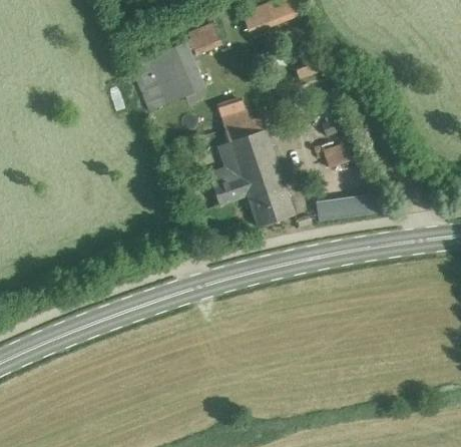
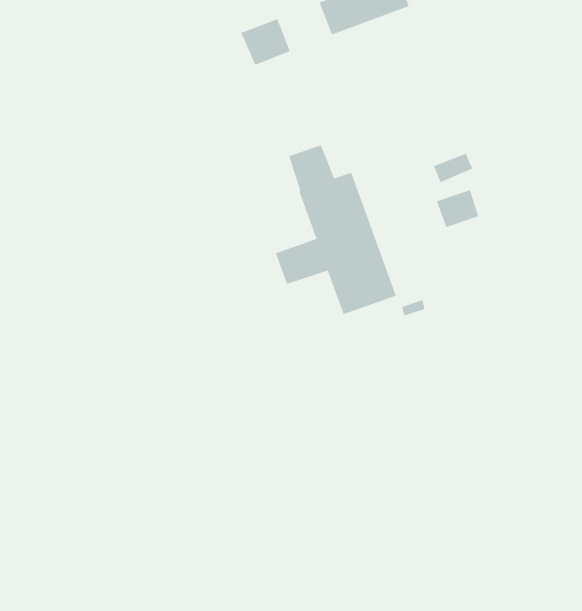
building: [130,43,203,110] -> none
building: [319,192,382,217] -> none

